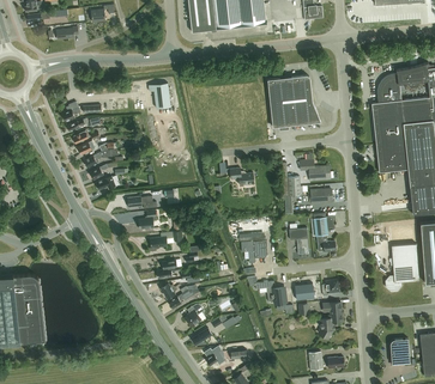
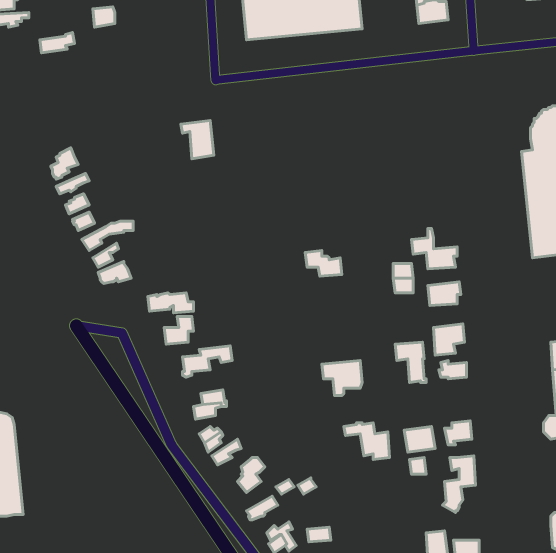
building: [266,74,320,127] -> none

